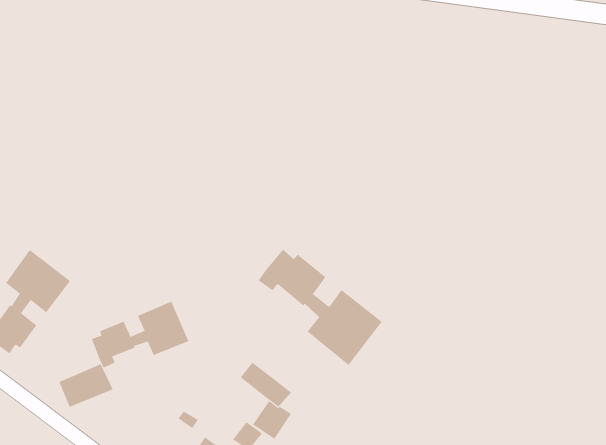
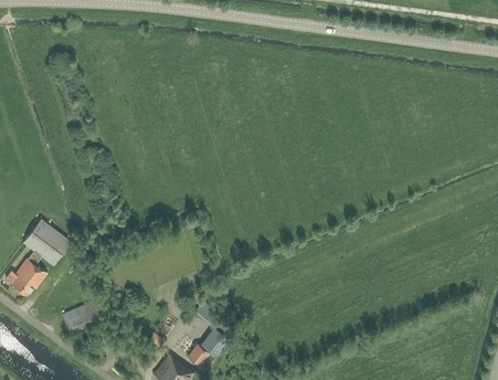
building: [258,249,382,366] -> none
building: [91,301,189,369] -> none

